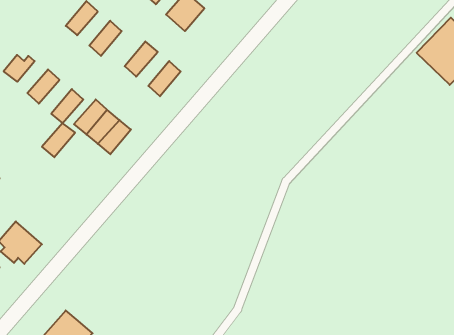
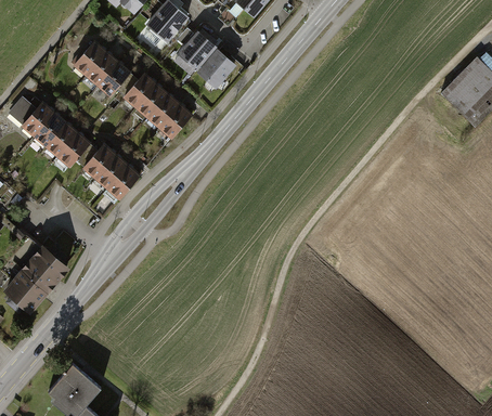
building: none -> [195,49,235,90]
building: none -> [83,51,118,87]
building: none -> [121,73,155,108]
building: none -> [145,93,180,129]
building: none -> [20,101,53,136]
building: [42,123,75,157] -> [43,122,78,158]
building: none -> [20,245,68,295]

